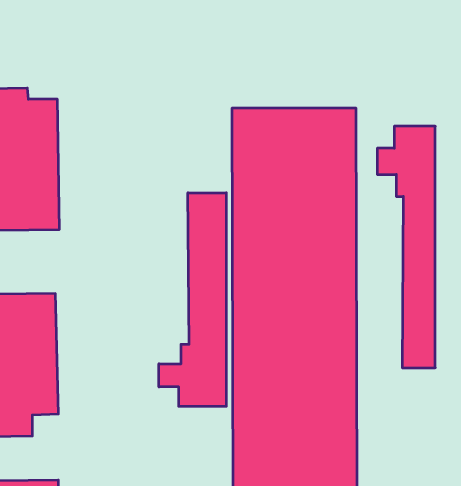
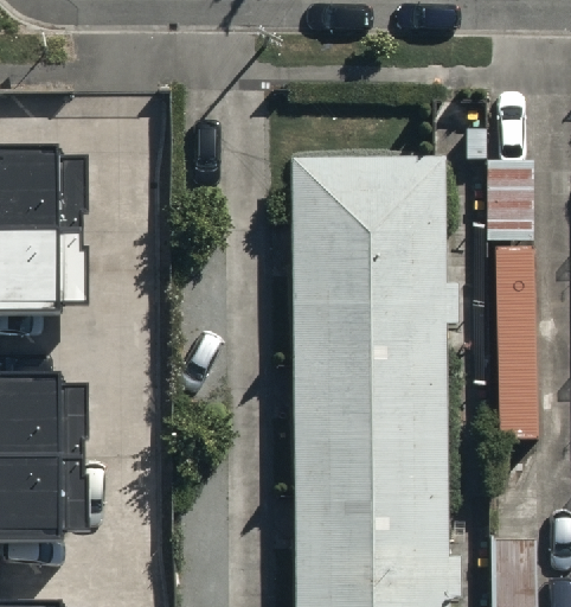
building: [159,193,226,406] -> none

